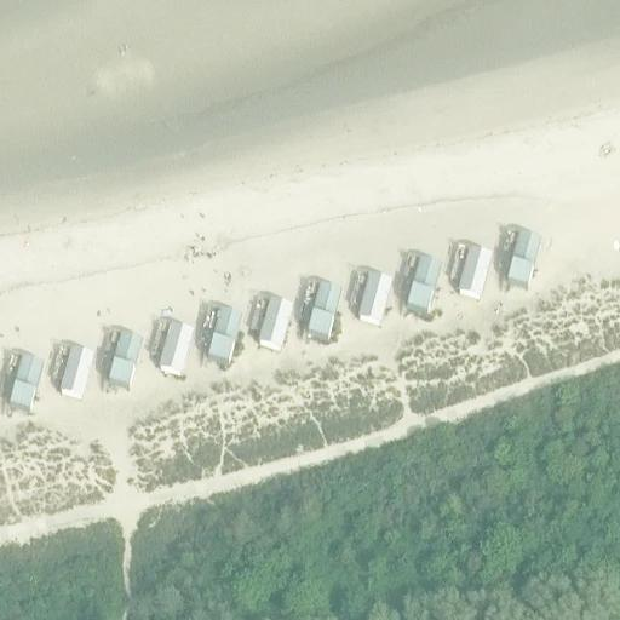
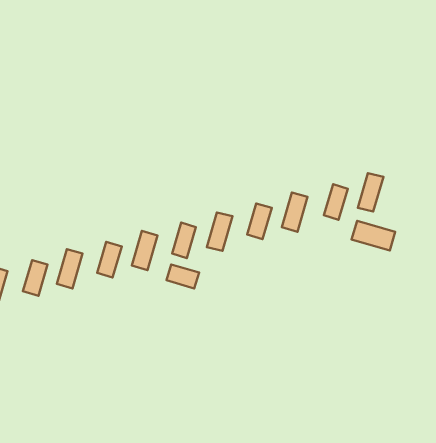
building: none -> [352,221,395,251]
building: none -> [166,264,199,289]

